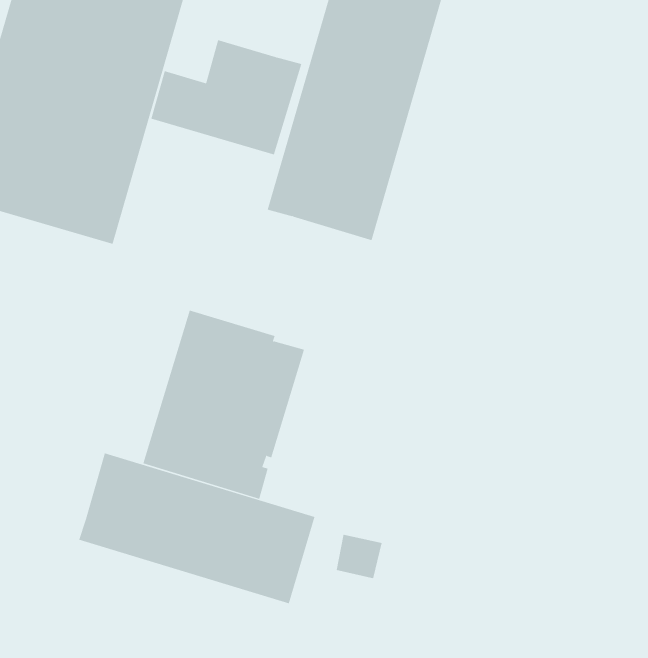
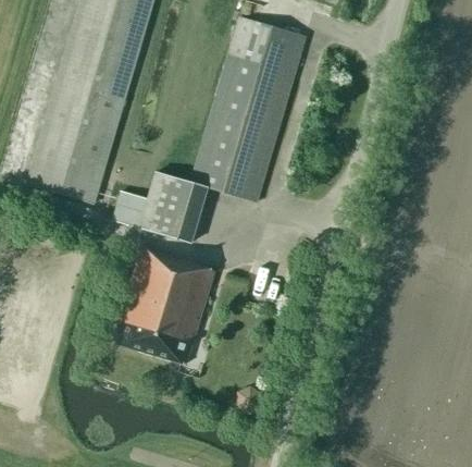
building: [150,40,302,155] -> [113,169,209,242]
building: [78,452,315,604] -> none

